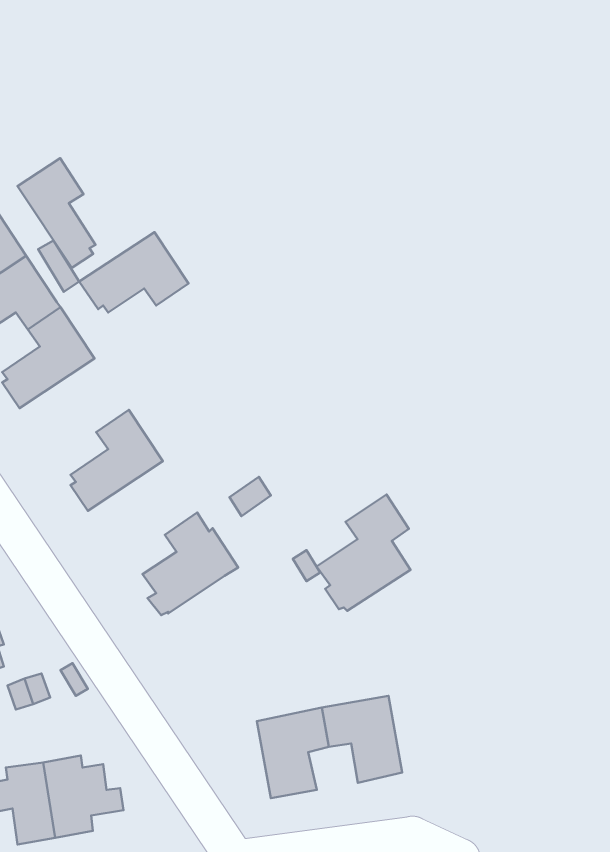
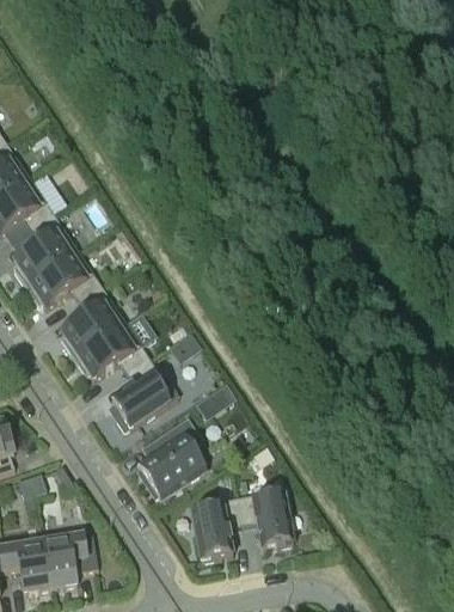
building: [17,158,96,268] -> none
building: [79,232,189,312] -> [24,251,100,307]
building: none -> [72,323,148,379]
building: [317,495,411,611] -> [137,415,203,496]

